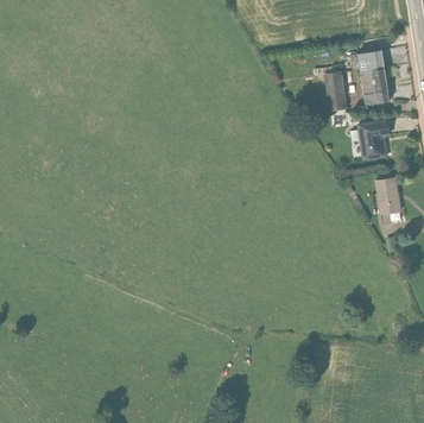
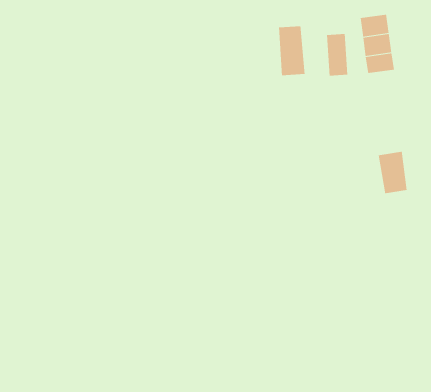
building: none -> [279,25,305,76]
building: [355,120,390,162] -> none

